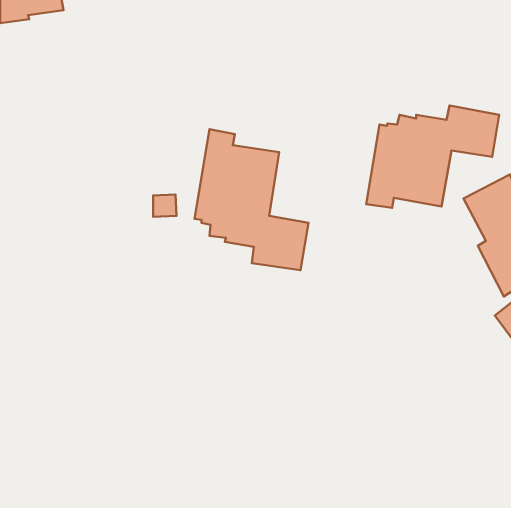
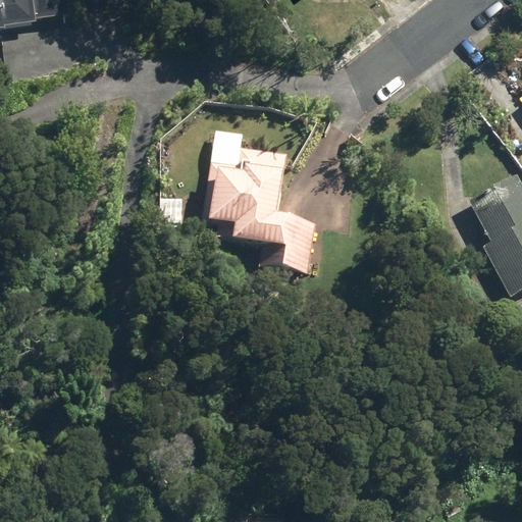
building: [366,106,499,208] -> none

